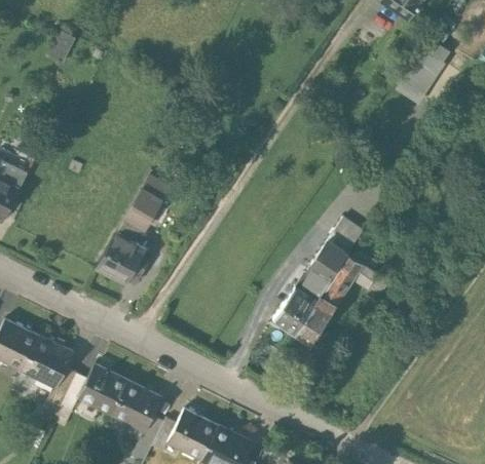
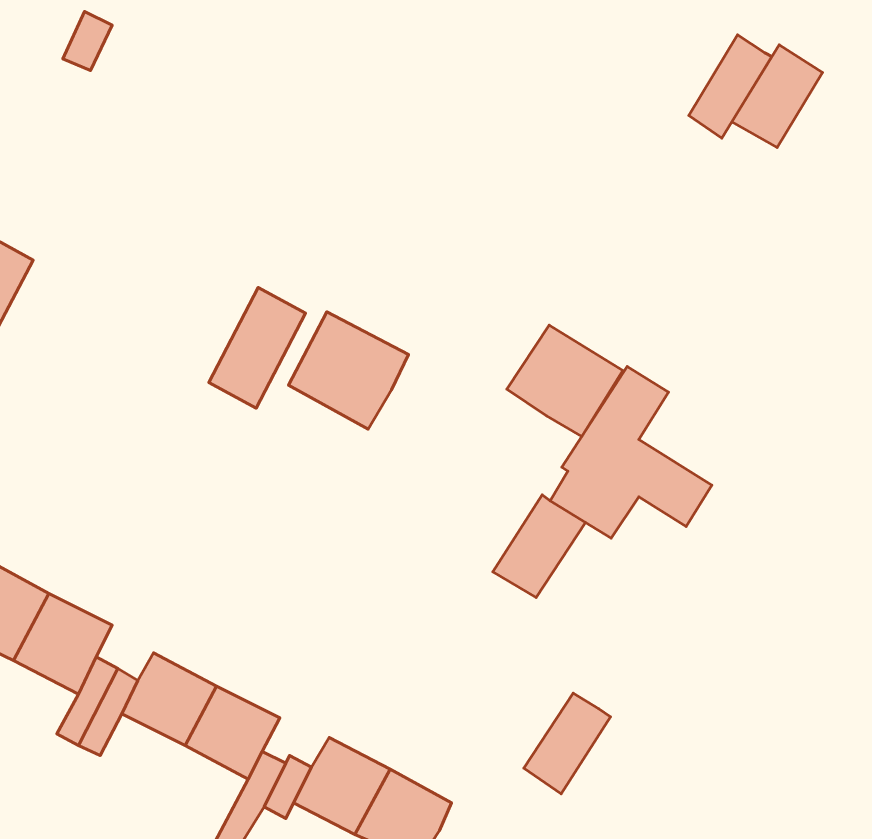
building: none -> [689,35,772,138]
building: none -> [289,312,408,429]
building: none -> [507,325,623,437]
building: [98,237,147,289] -> none
building: [294,298,339,350] -> [524,693,611,794]

